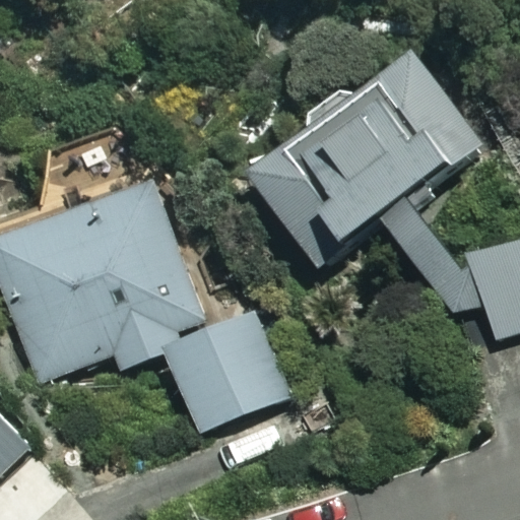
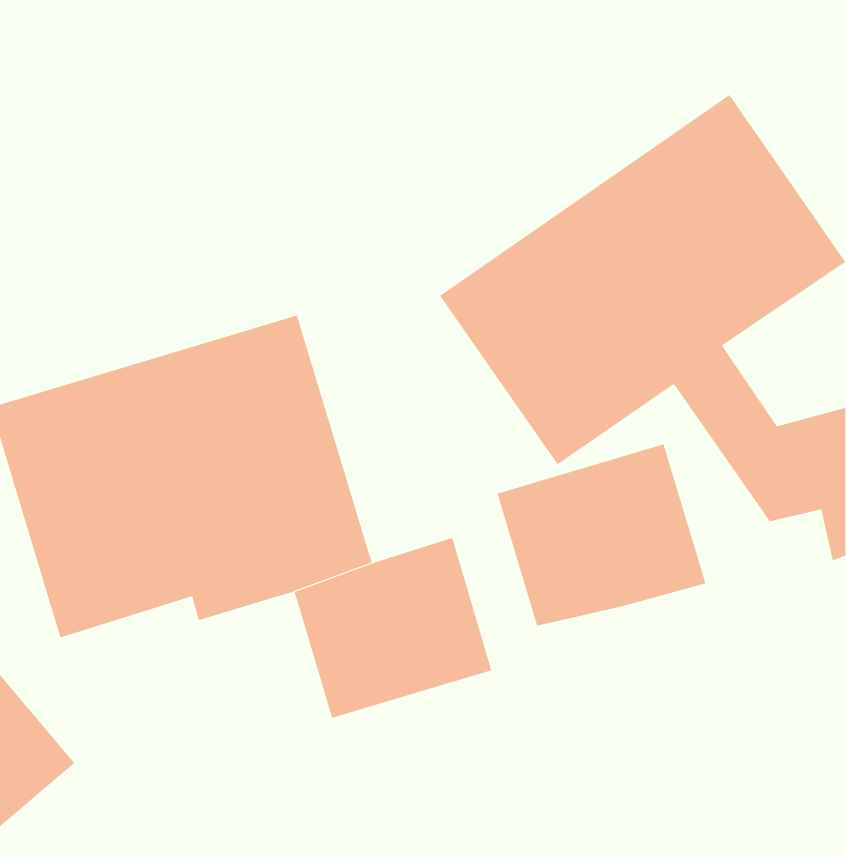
building: none -> [497,443,706,627]

